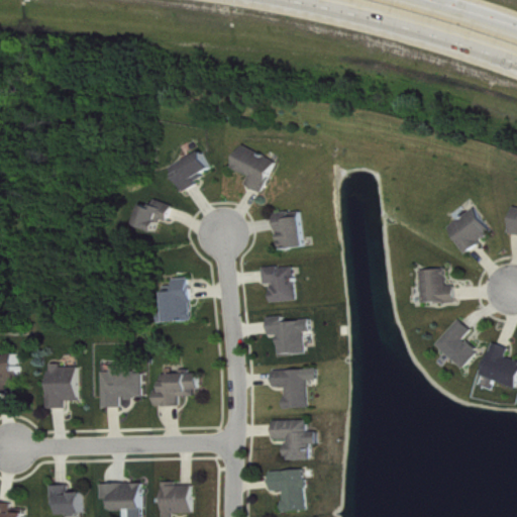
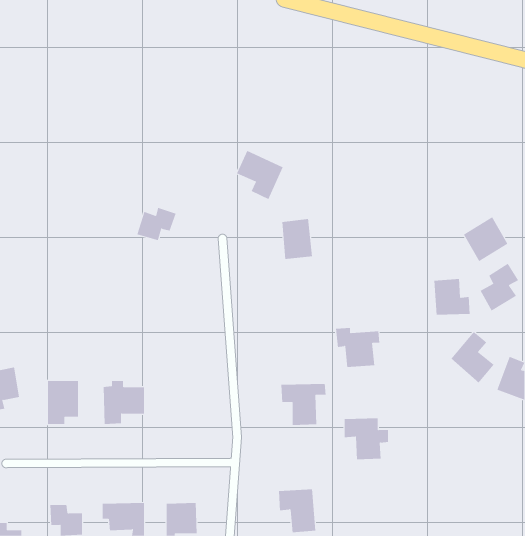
building: [167,150,208,191] -> none
building: none -> [480,263,519,311]
building: [258,267,292,302] -> none
building: [161,278,187,321] -> none
building: [264,316,307,354] -> [335,328,380,367]
building: [151,373,194,406] -> none
building: [271,420,314,460] -> [344,418,389,460]

